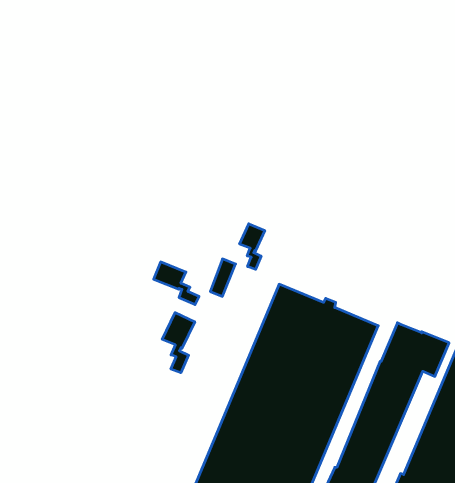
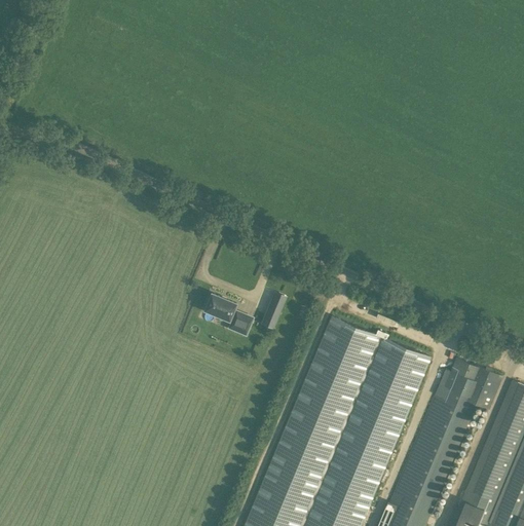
building: [240,224,265,269] -> none
building: [162,313,195,373] -> none

